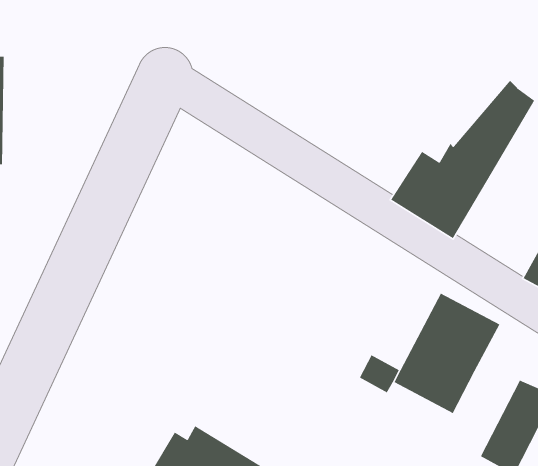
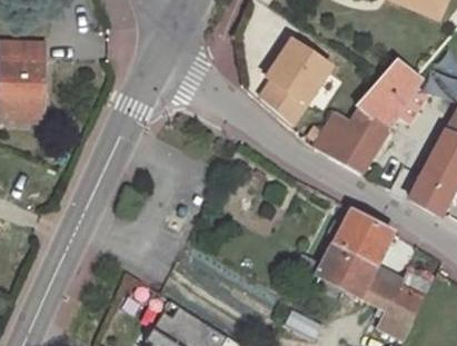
building: none -> [260,38,332,122]
building: none -> [360,266,403,310]

